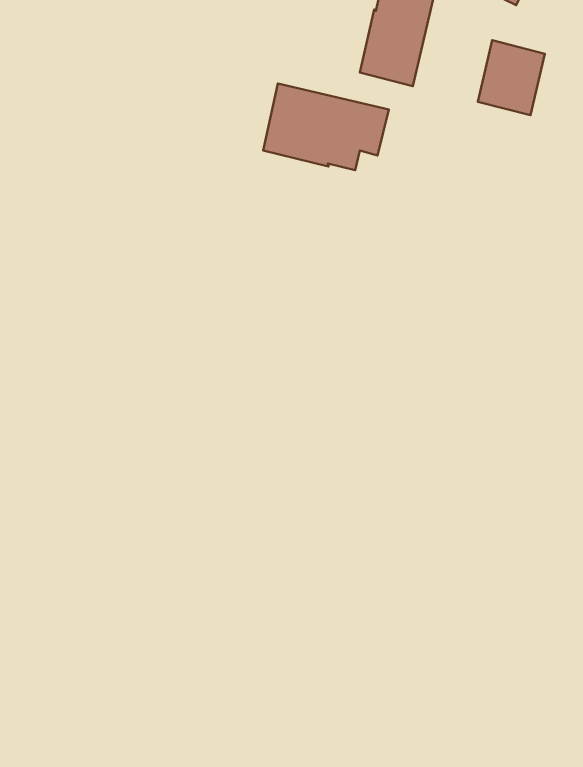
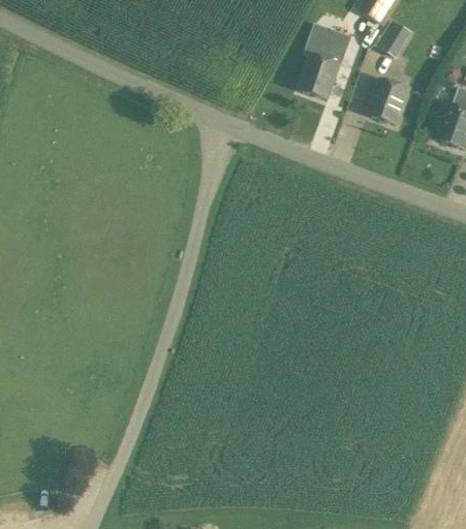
building: [263,84,389,170] -> none

